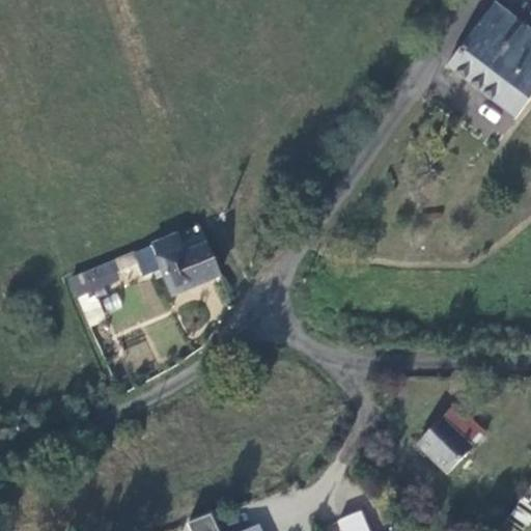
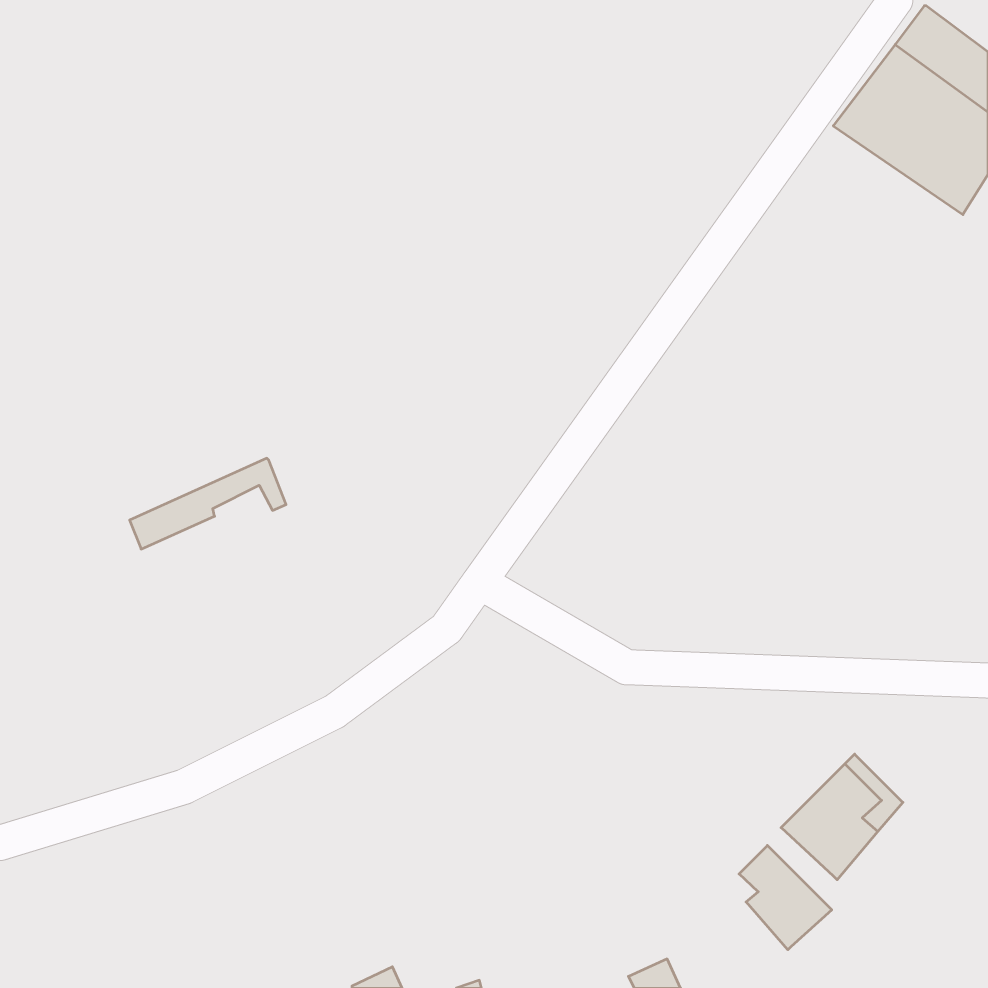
building: [144,226,219,296] -> none
building: none -> [739,845,832,950]

